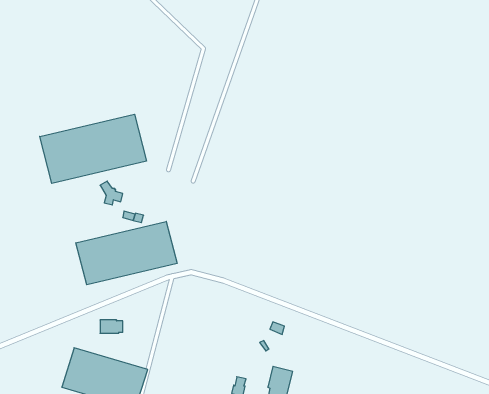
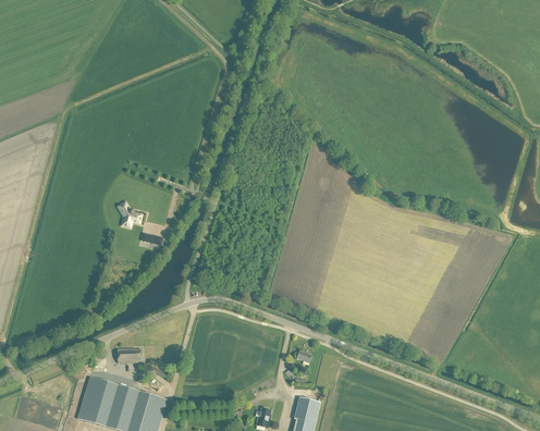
building: [40,114,146,183] -> none
building: [76,221,177,285] -> none

